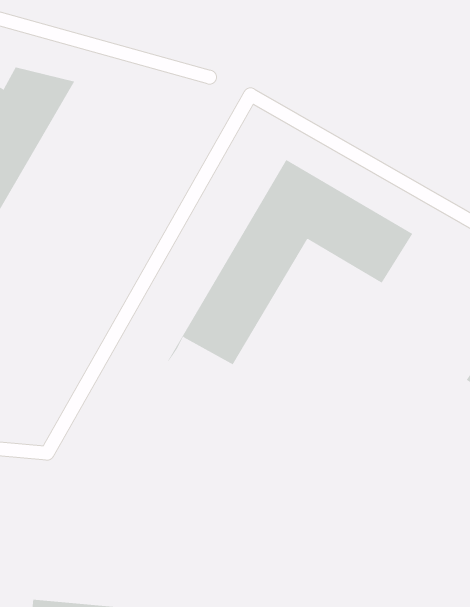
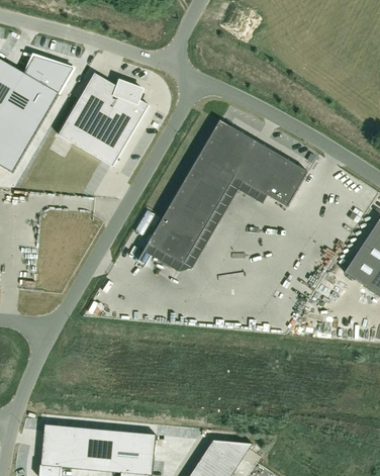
building: none -> [59,73,149,167]

